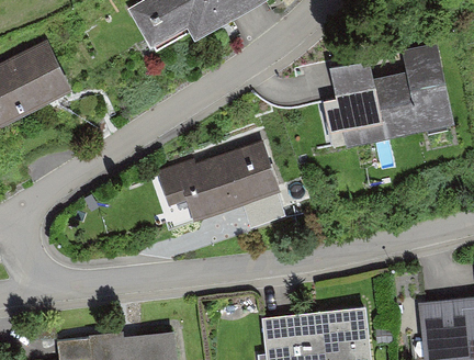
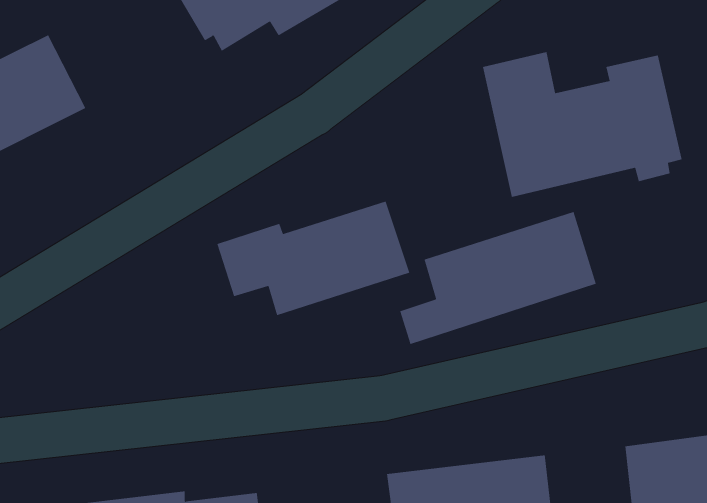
building: none -> [399,211,596,345]

